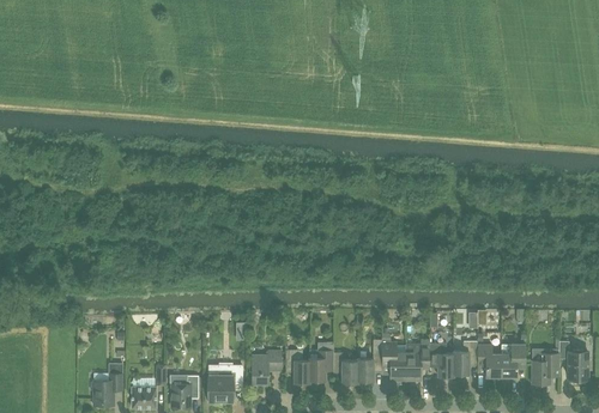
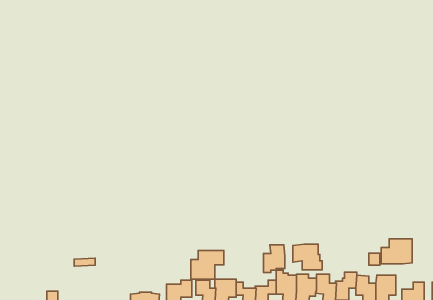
building: none -> [381,239,412,264]
building: none -> [293,244,322,270]
building: none -> [263,245,285,272]
building: none -> [191,251,224,279]

